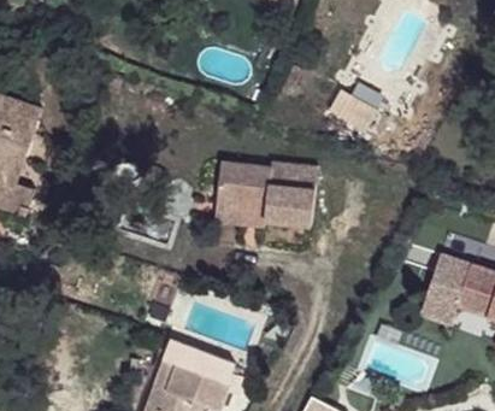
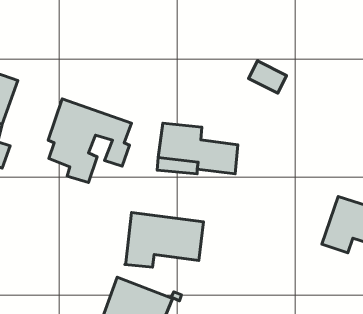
building: none -> [48,99,131,182]
building: none -> [125,212,203,267]

